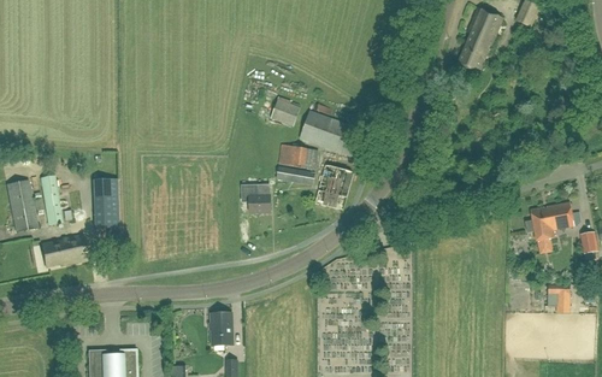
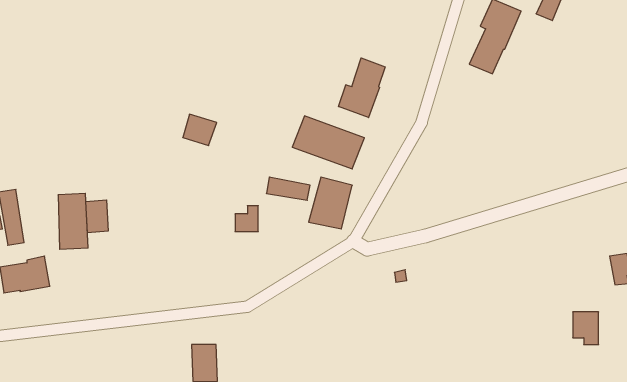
building: none -> [339,58,385,118]
building: [271,98,301,125] -> [183,114,217,146]
building: [281,143,319,169] -> none
building: none -> [86,200,108,233]
building: [526,202,574,253] -> none

